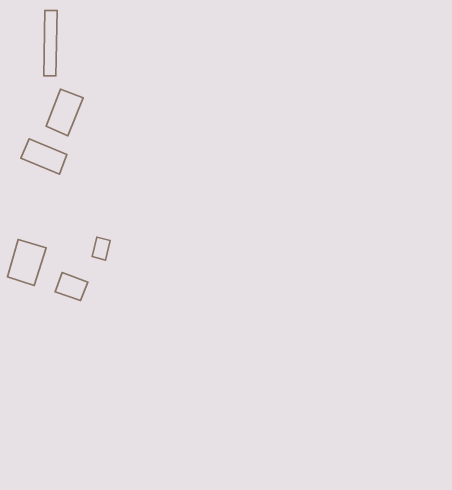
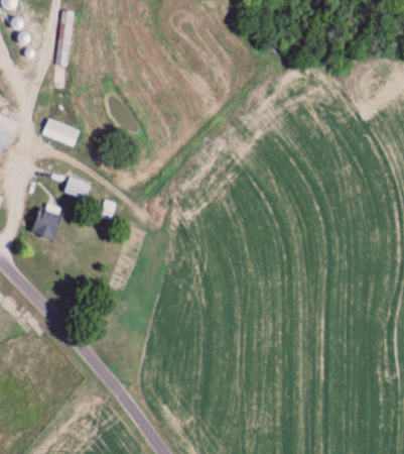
building: [46,89,83,136] -> none
building: [55,273,88,300] -> [63,177,91,200]

